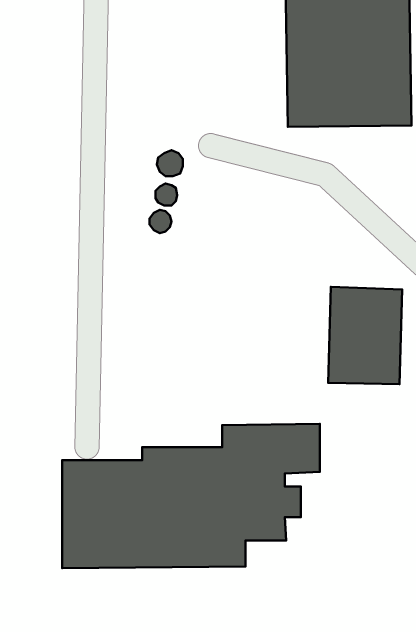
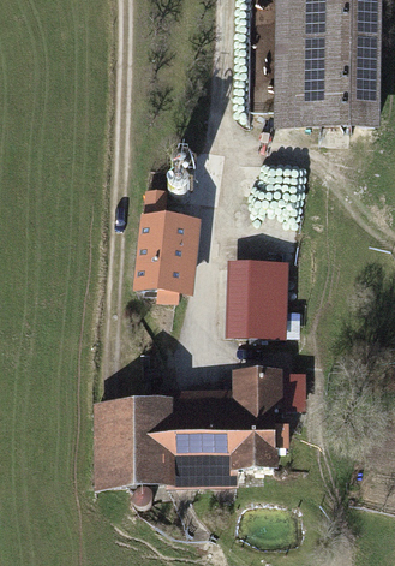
building: none -> [134,187,198,302]
building: [328,287,402,384] -> [226,258,287,339]

